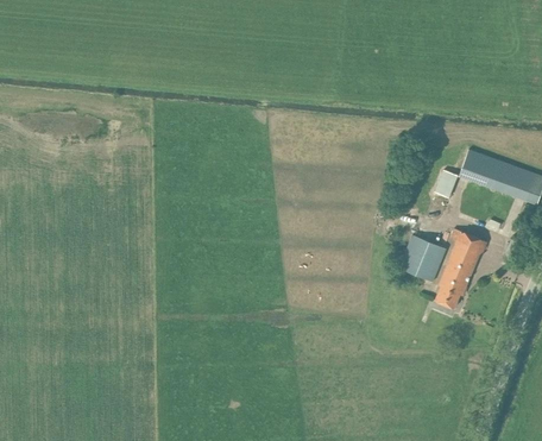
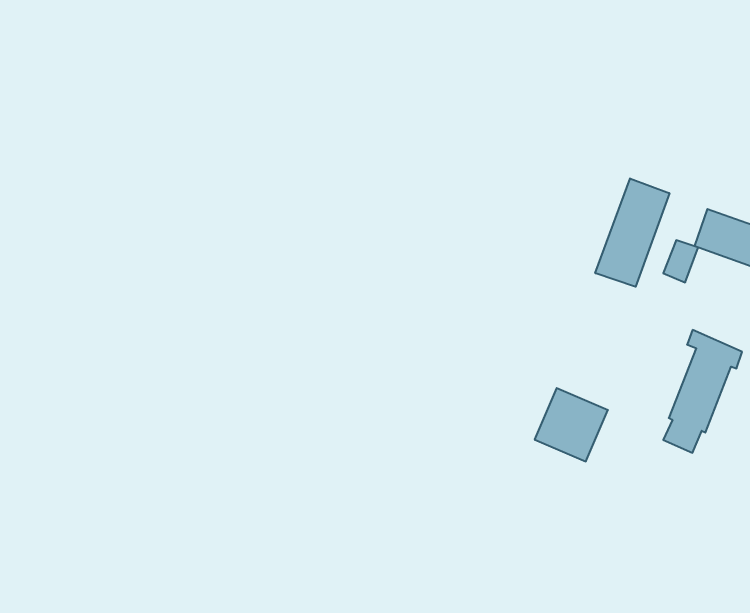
building: none -> [595,178,669,287]
building: [399,234,447,282] -> [535,388,608,461]

